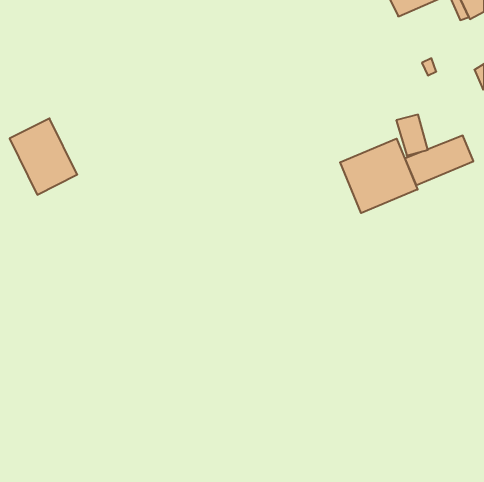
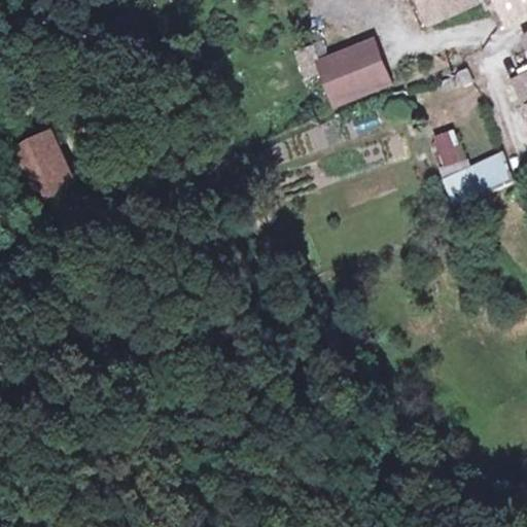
building: none -> [319,36,389,103]
building: [340,139,418,213] -> none

